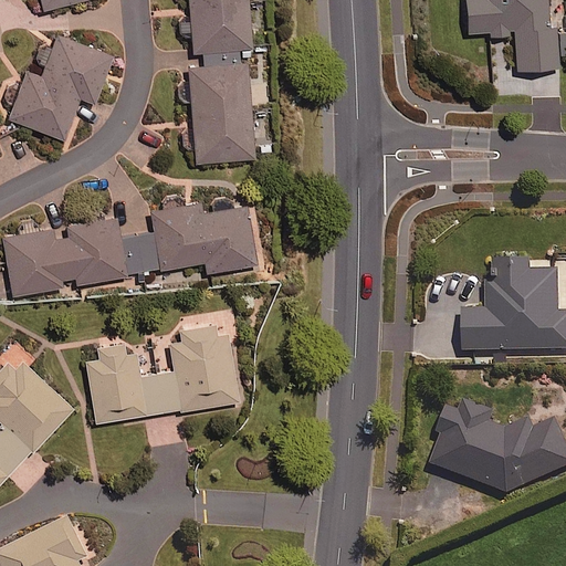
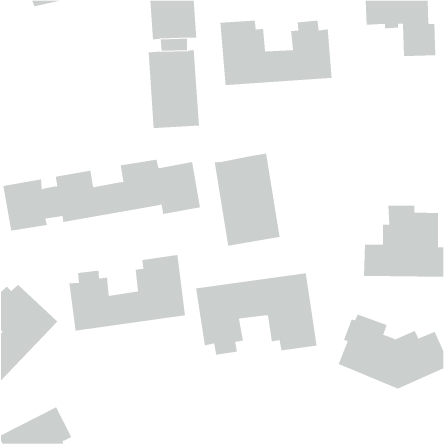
building: none -> [220,20,332,86]
building: [6,34,113,139] -> none
building: none -> [214,153,280,247]
building: none -> [196,272,317,356]

